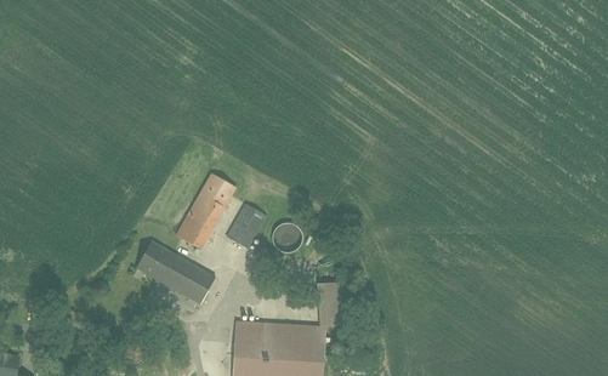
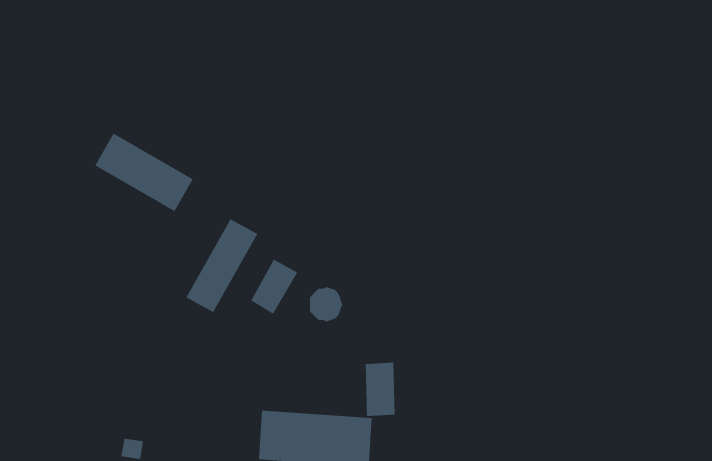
building: [136,243,214,304] -> [95,133,193,212]

